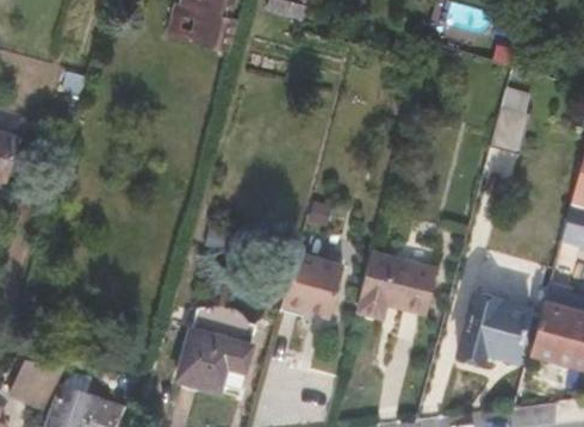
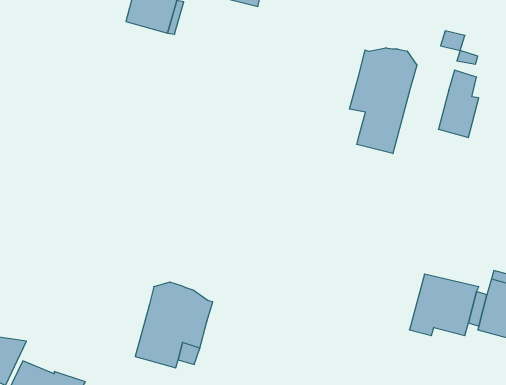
building: none -> [349,48,417,154]
building: [358,249,439,318] -> none
building: [281,252,344,315] -> none

